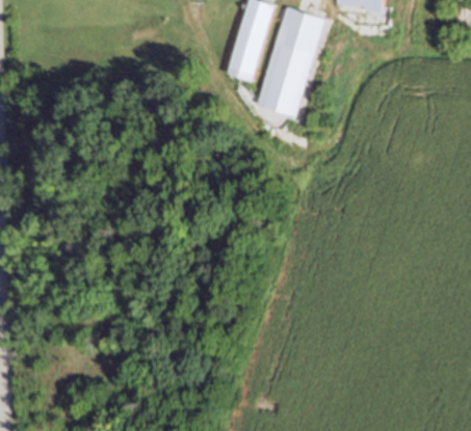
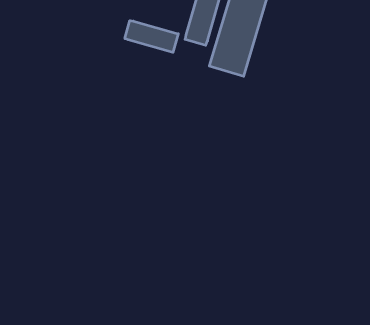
building: none -> [125,21,178,52]

